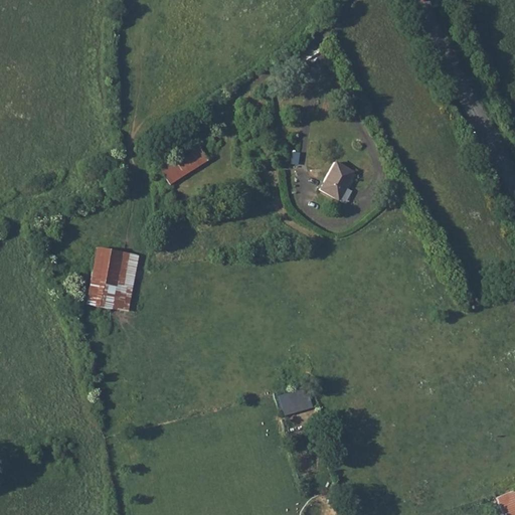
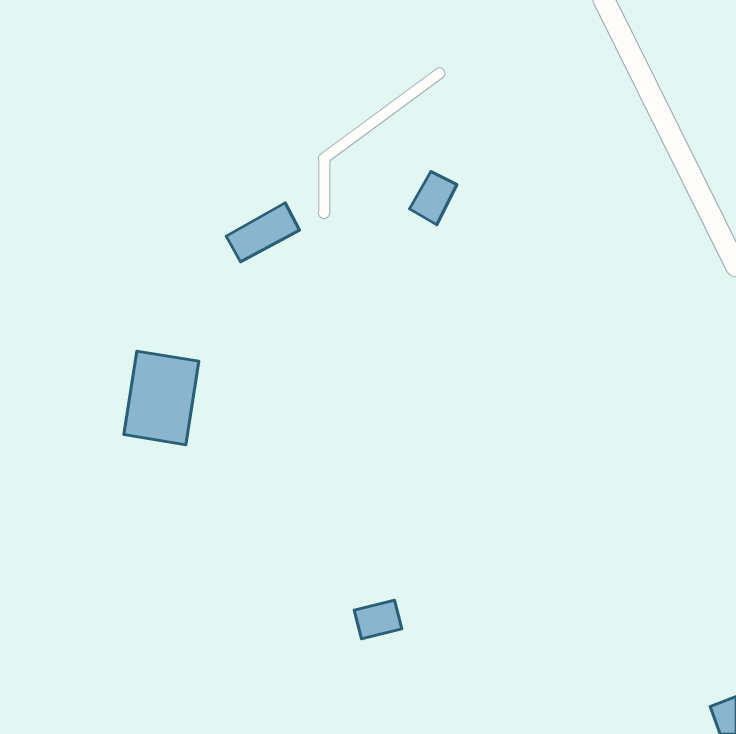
building: [321,164,354,201] -> [409,172,457,225]
building: [279,387,312,414] -> [354,600,402,639]

